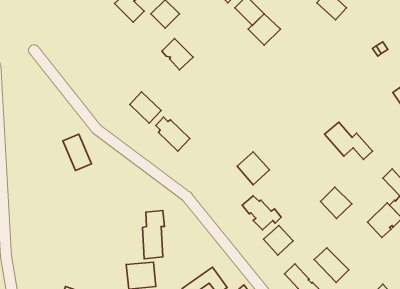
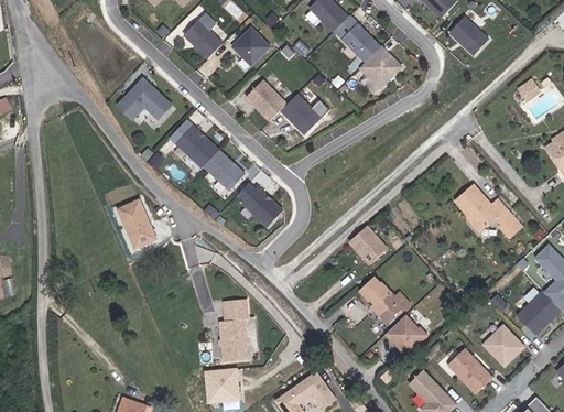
building: none -> [120,76,173,118]
building: none -> [281,91,322,132]
building: none -> [176,122,220,166]
building: [320,187,352,218] -> [481,326,522,367]

